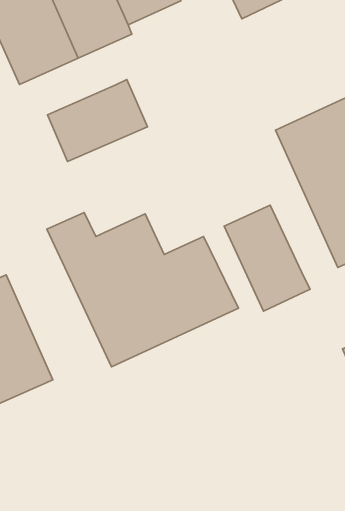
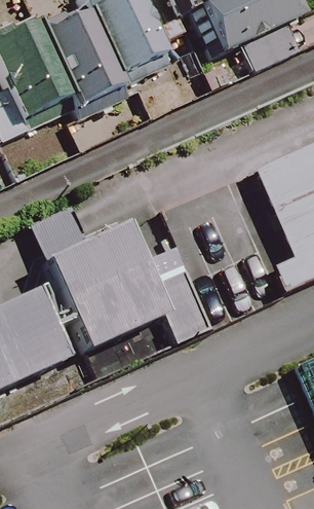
building: [47,80,148,161] -> none
building: [224,205,310,311] -> none

